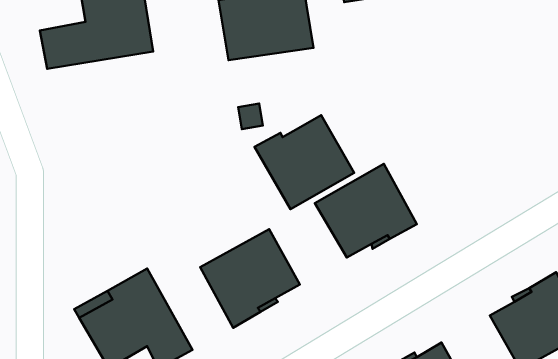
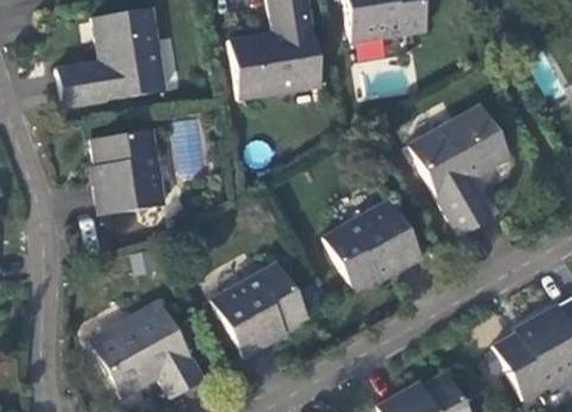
building: none -> [408,104,511,236]
building: none -> [92,129,165,214]
building: [255,115,354,209] -> none

